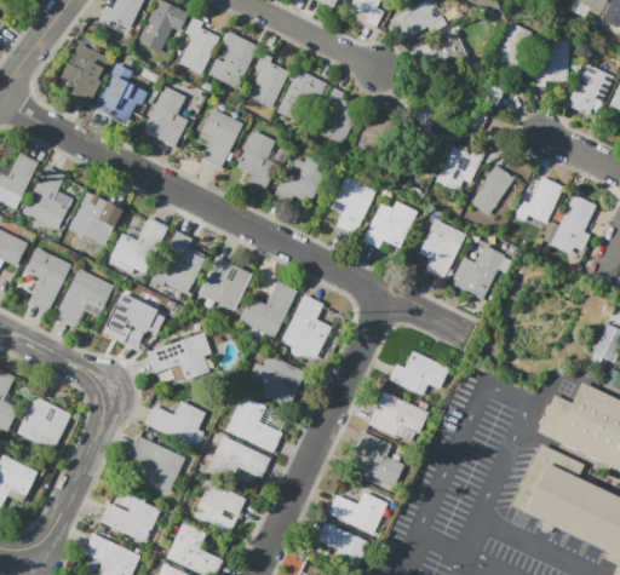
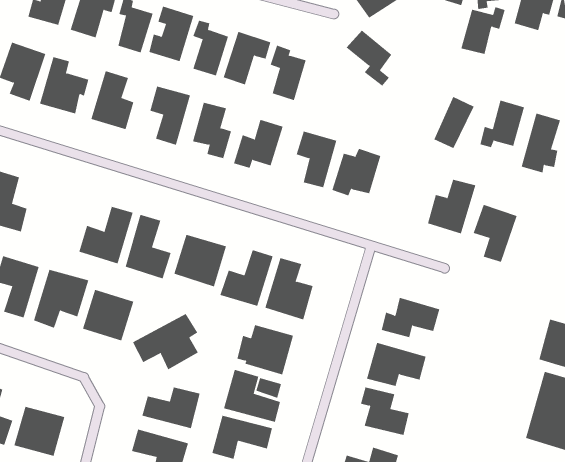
building: [358,115,403,156] -> none
building: [435,146,484,192] -> [460,7,505,55]
building: [68,192,121,246] -> none
building: [420,219,466,278] -> [473,204,518,262]

